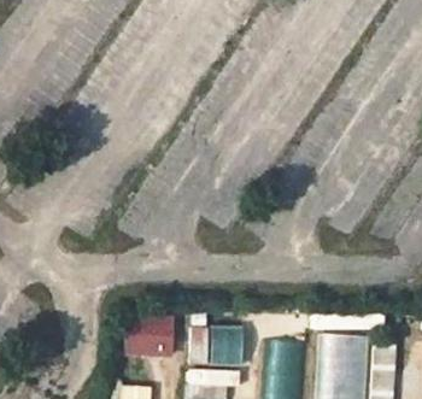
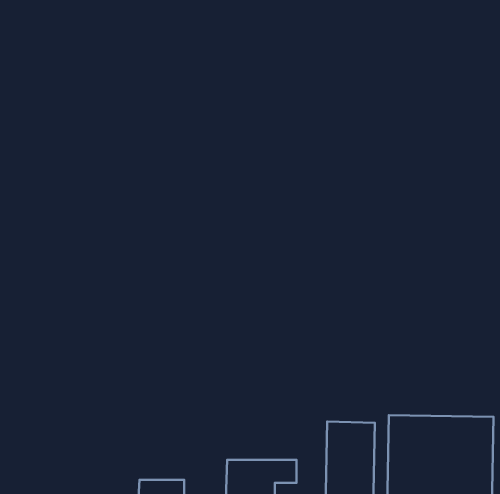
building: [127,318,176,357] -> none
building: [191,328,242,368] -> none

